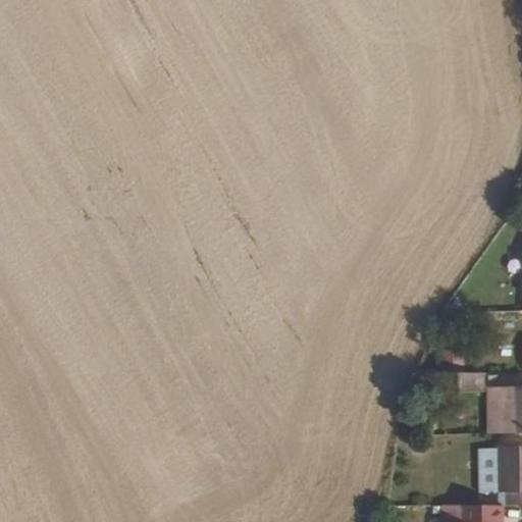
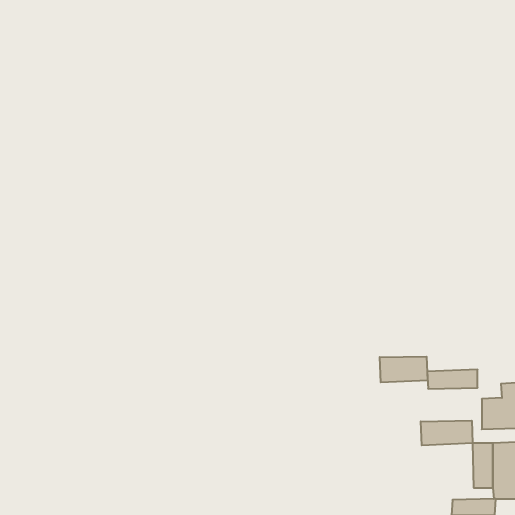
building: none -> [380,357,428,382]
building: none -> [421,421,473,445]

